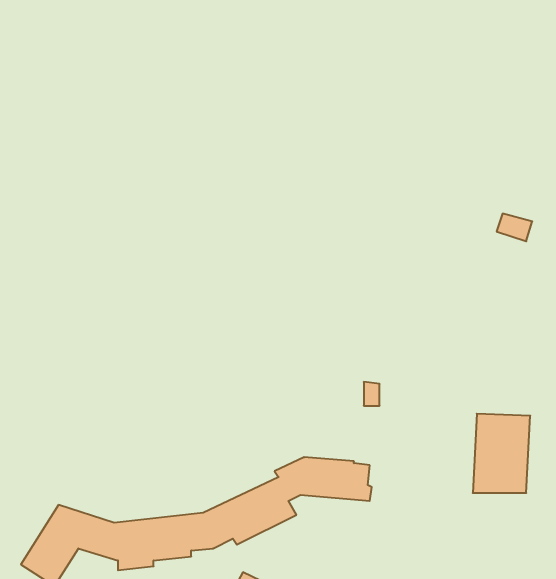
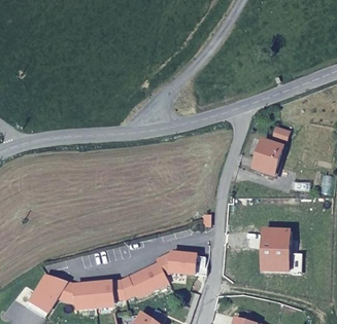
building: none -> [250,138,284,177]

